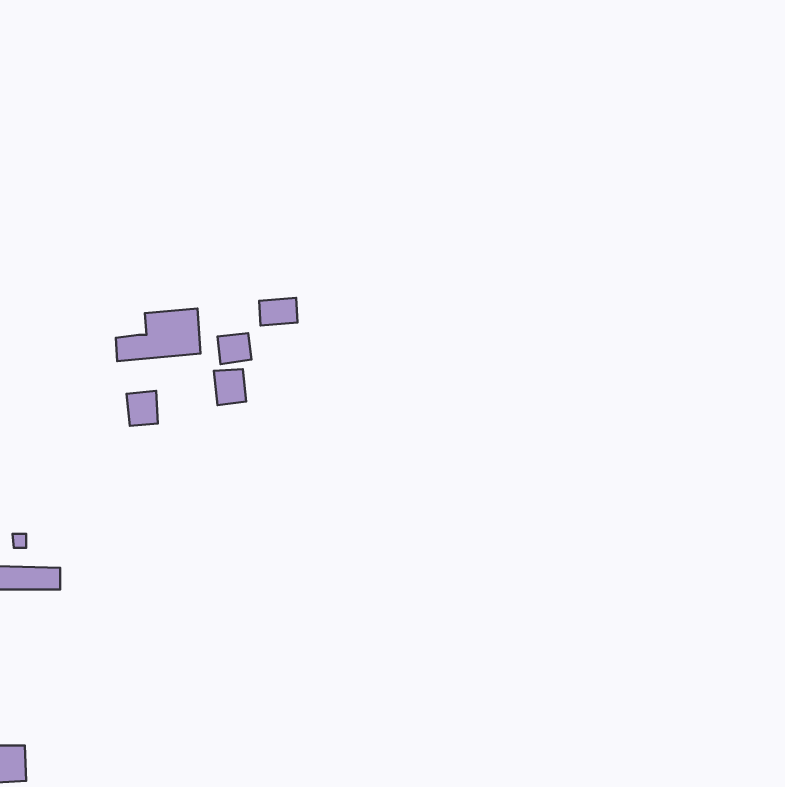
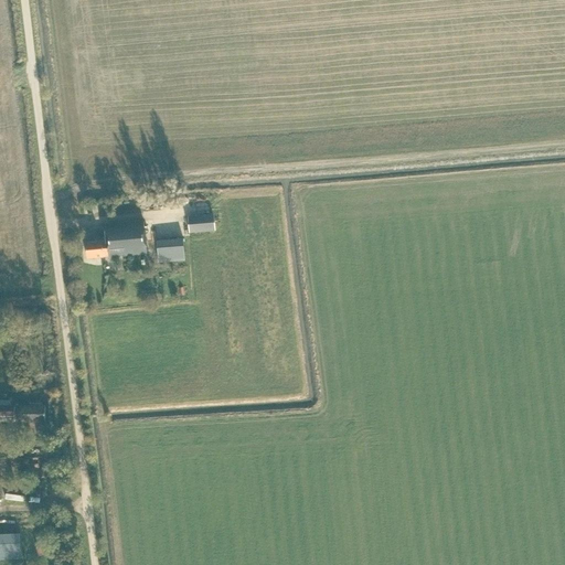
building: [214,369,246,405] -> none
building: [126,391,158,426] -> none

